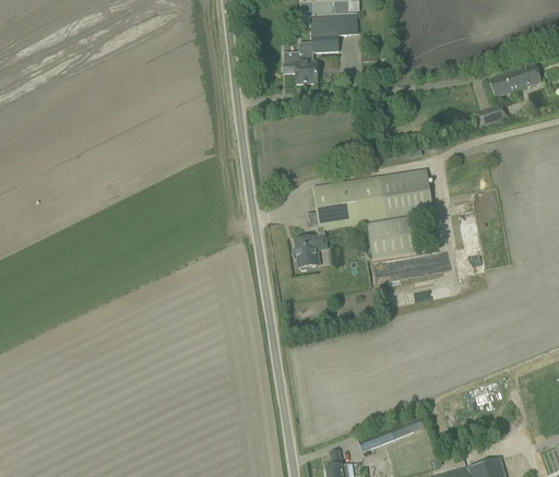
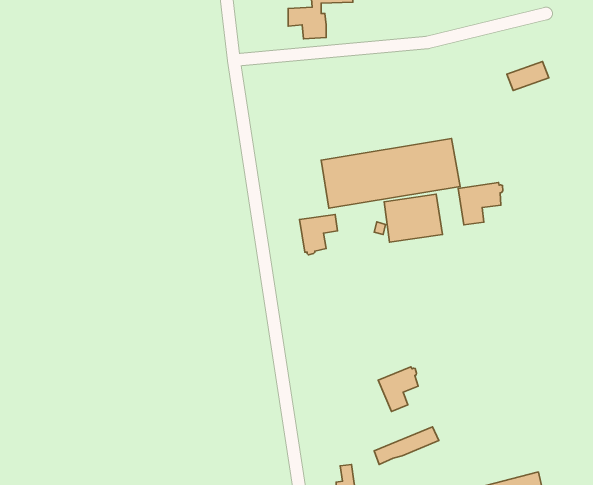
building: [488,61,542,96] -> none
building: none -> [458,183,503,225]
building: none -> [378,367,418,411]

